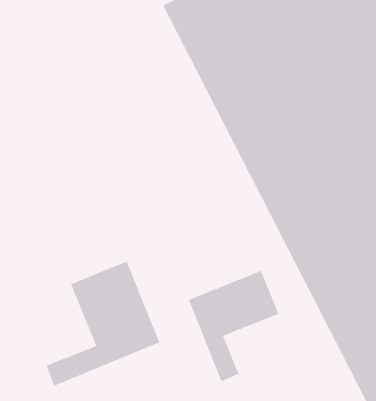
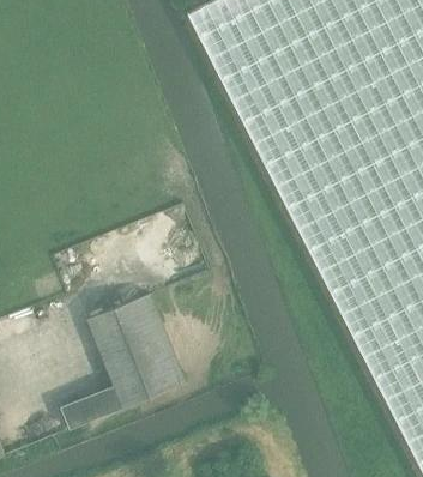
building: [188,270,279,382] -> none

